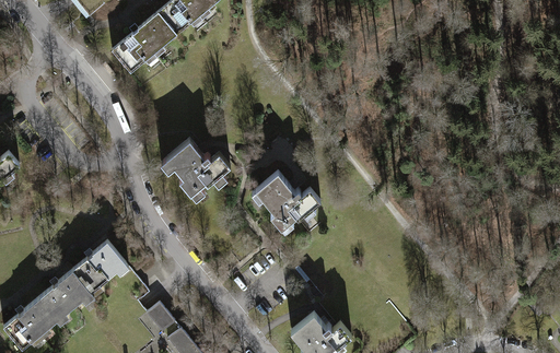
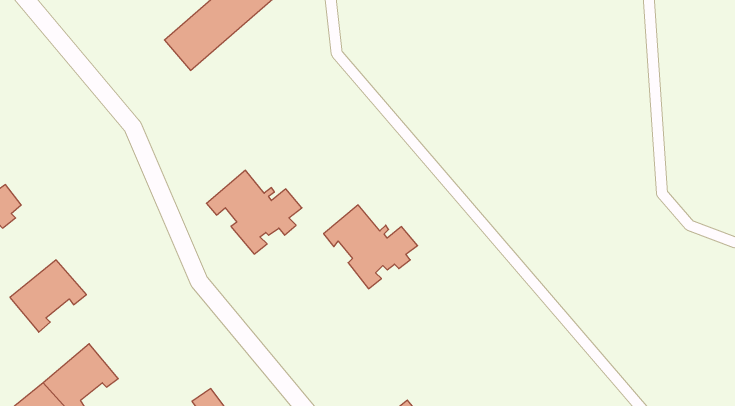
building: [68,243,126,297] -> [10,260,86,332]

